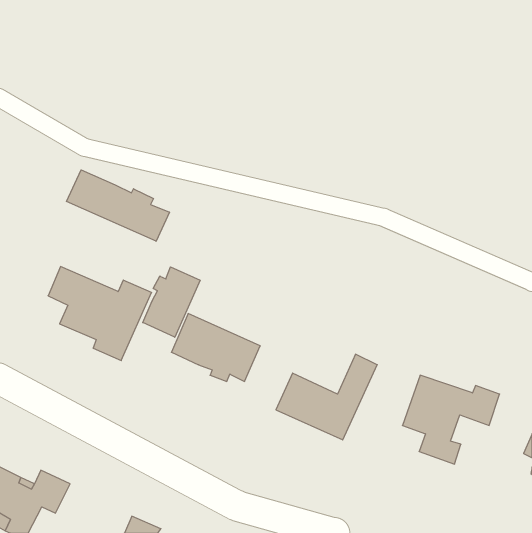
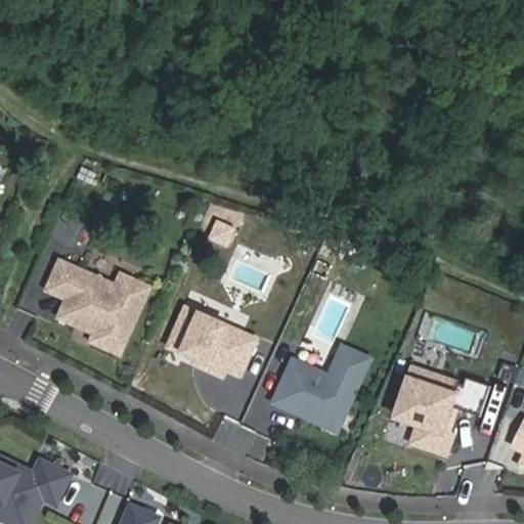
building: [66,170,169,241] -> none
building: [143,267,200,337] -> none

